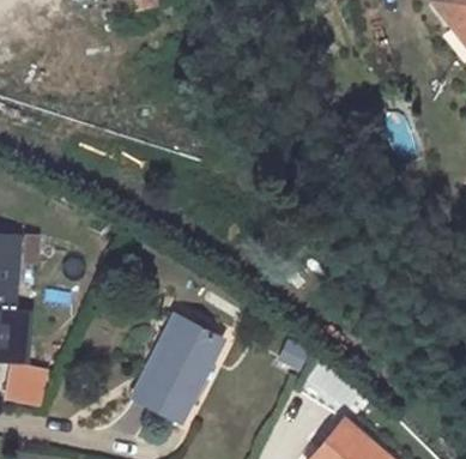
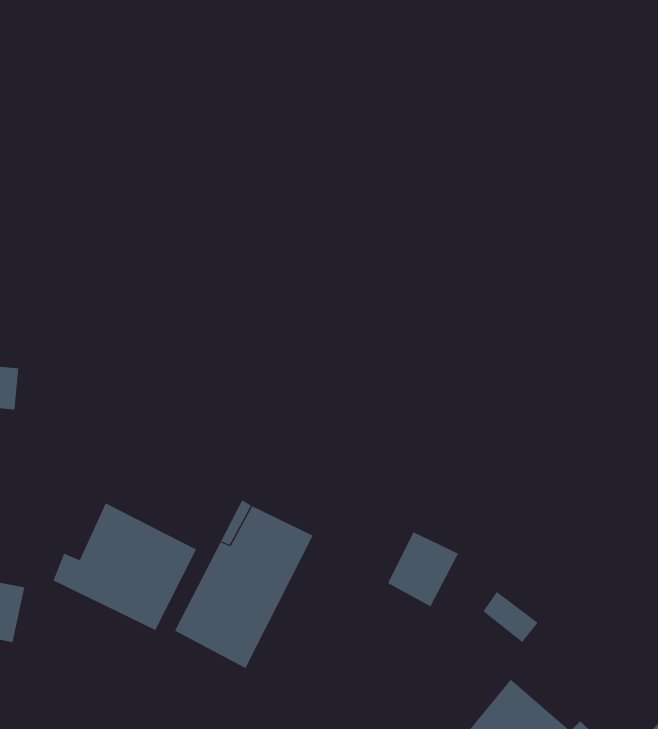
building: none -> [53,503,197,631]

